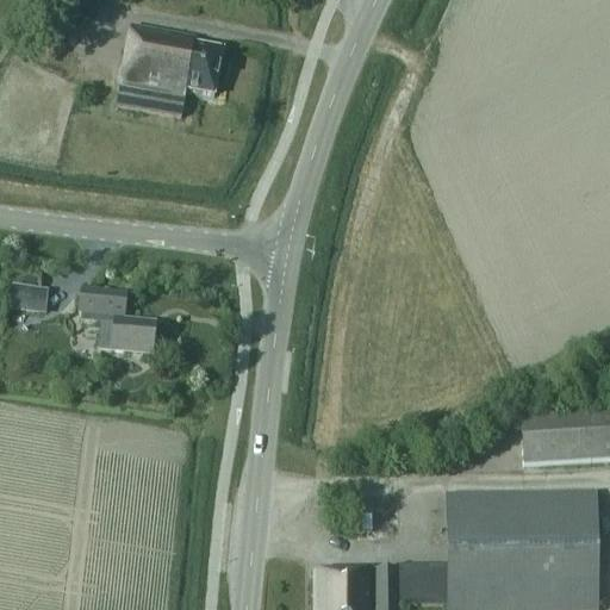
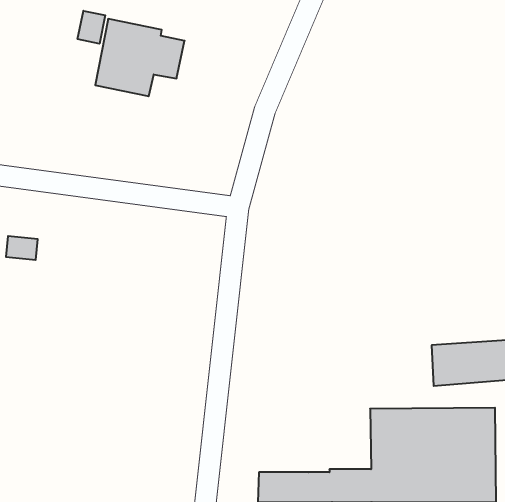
building: none -> [78,11,105,44]
building: [80,288,156,353] -> none

